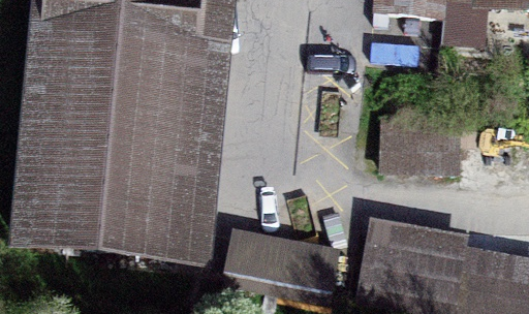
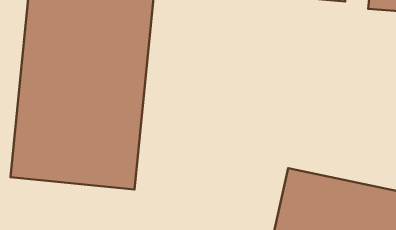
building: [380,121,457,180] -> none
building: [225,229,340,291] -> none

